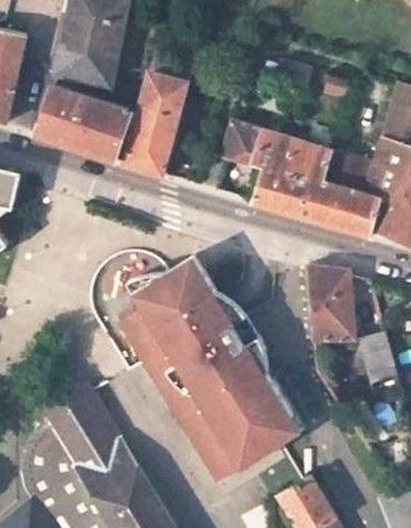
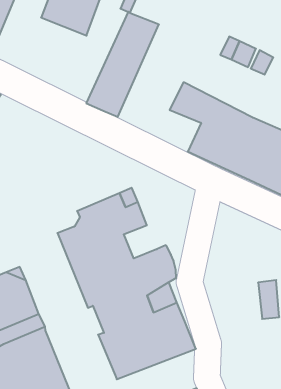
building: [36,87,132,162] -> none
building: [308,267,356,351] -> none
building: [195,297,237,338] -> none

